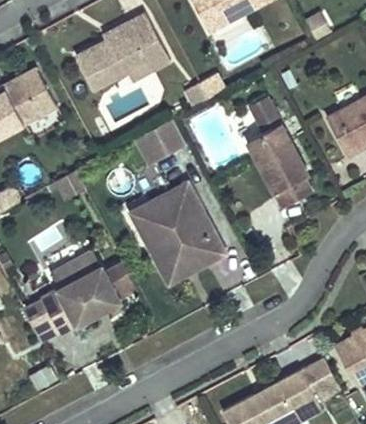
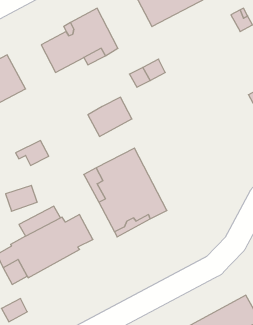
building: [244,95,313,209] -> none

